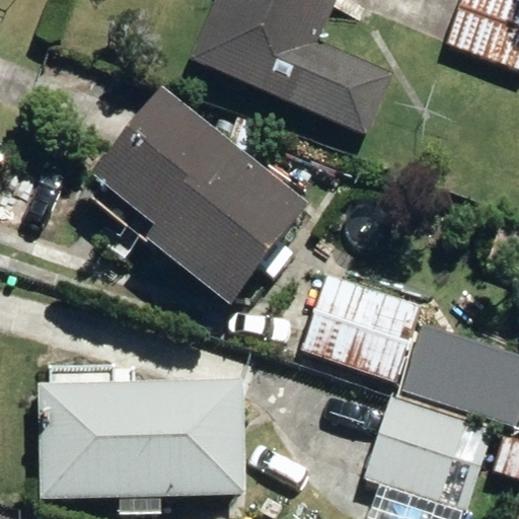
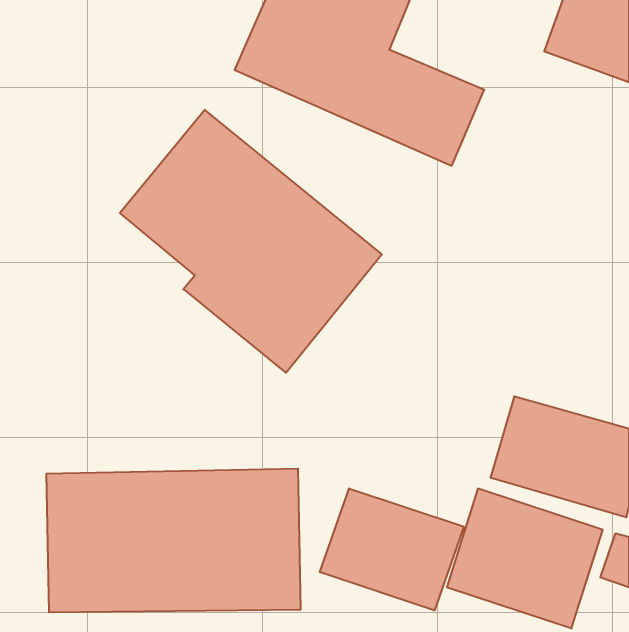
building: [297,275,418,382] -> none
building: none -> [320,488,464,610]

